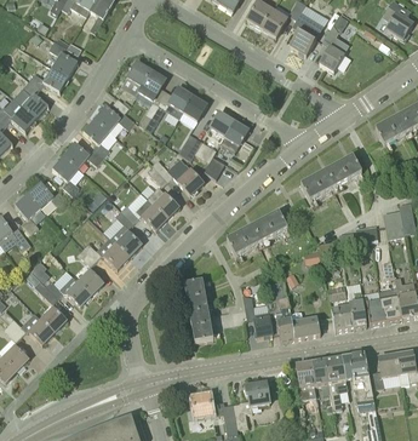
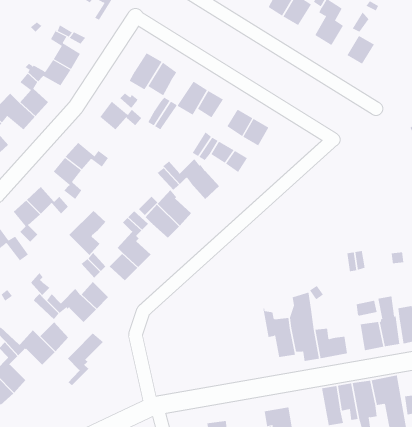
building: [84,119,115,161] -> none
building: [300,155,362,201] -> none
building: none -> [68,210,106,256]
building: [227,211,288,257] -> none
building: [184,280,213,342] -> none
building: none -> [67,333,104,386]

